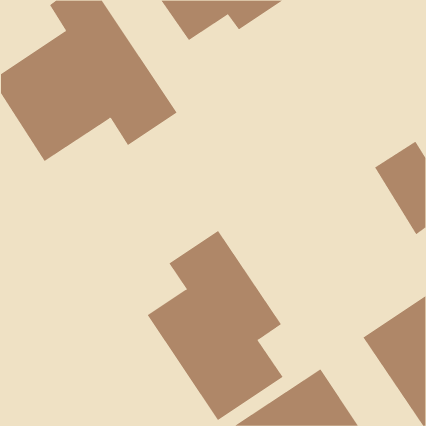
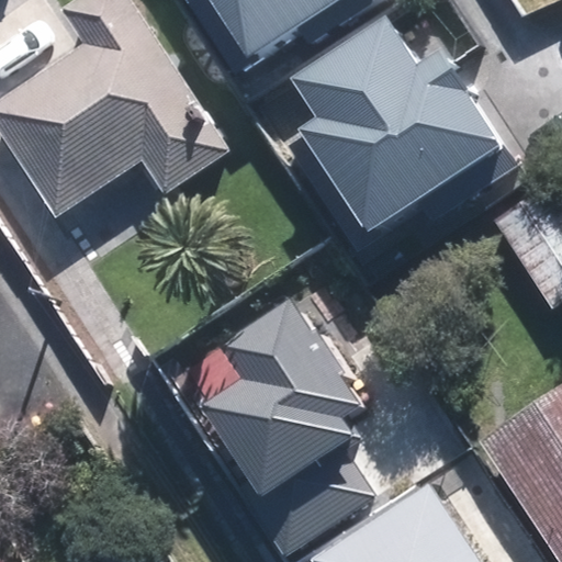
building: none -> [294,16,498,229]

